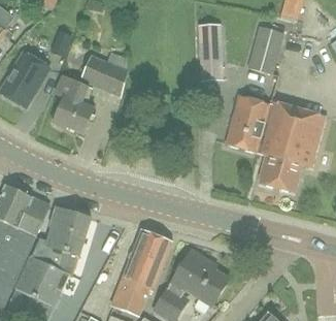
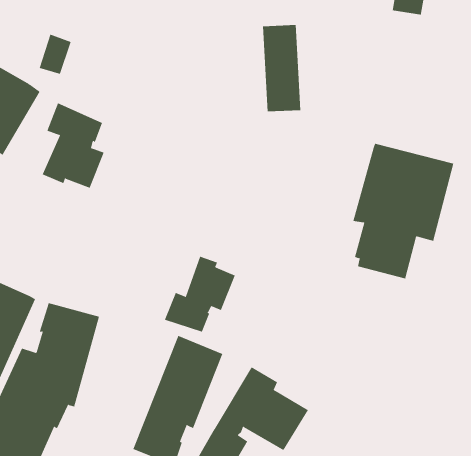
building: [247,27,282,74] -> none
building: [80,53,128,97] -> none
building: [225,97,270,154] -> none
building: none -> [164,256,236,333]

